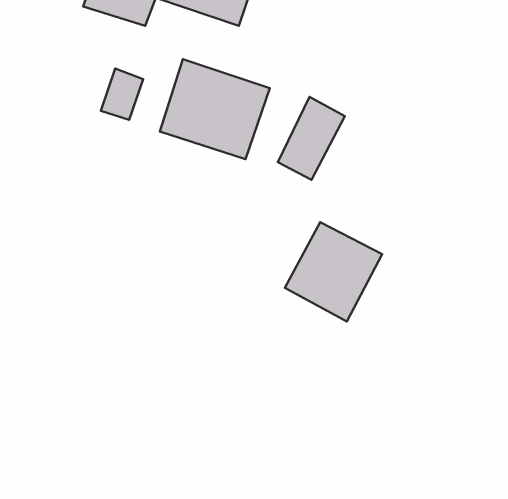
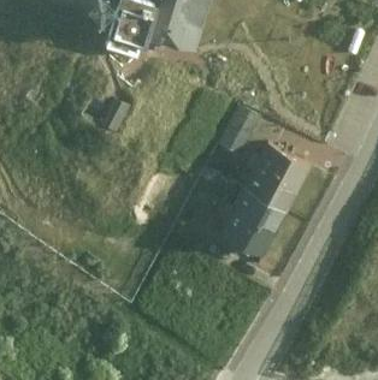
building: [160,59,270,159] -> none
building: none -> [243,147,308,212]

